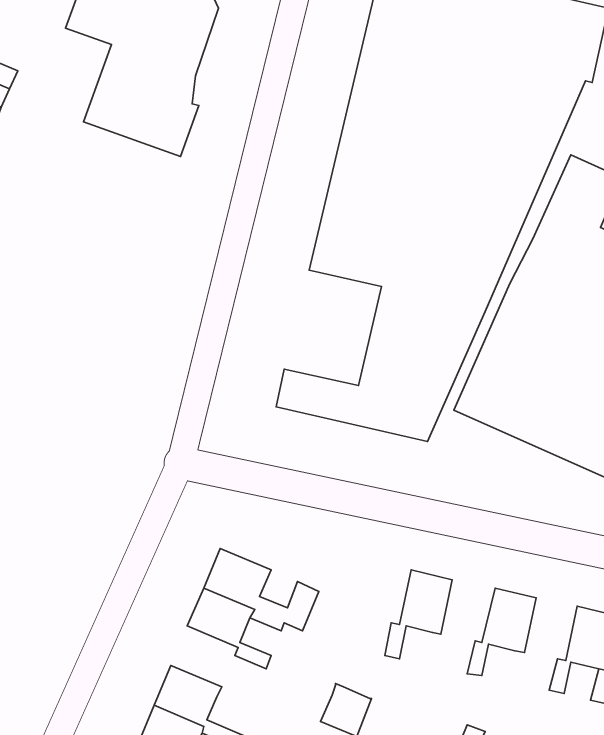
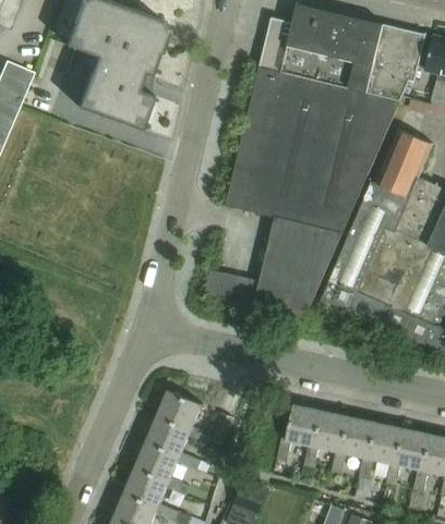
building: none -> [303,411,349,468]
building: none -> [358,423,404,480]
building: none -> [134,441,190,497]

